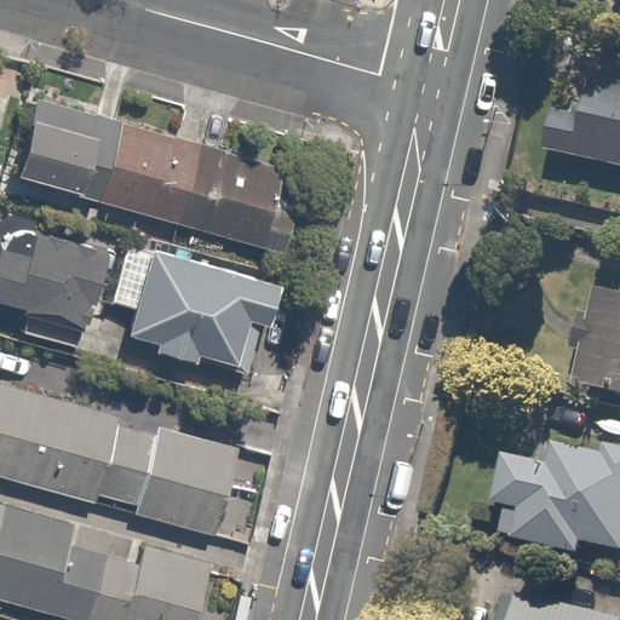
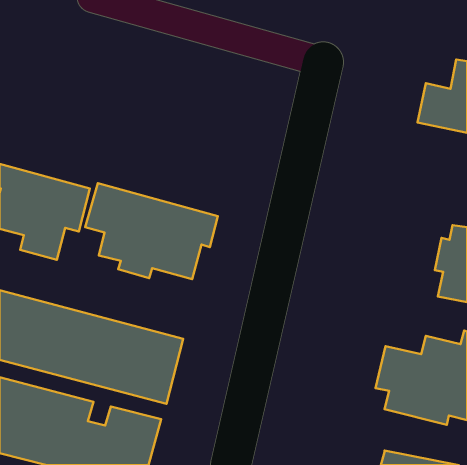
building: [16,101,312,256] -> none

